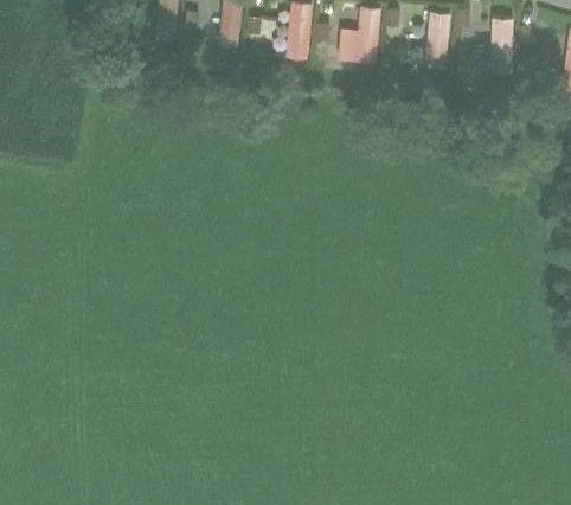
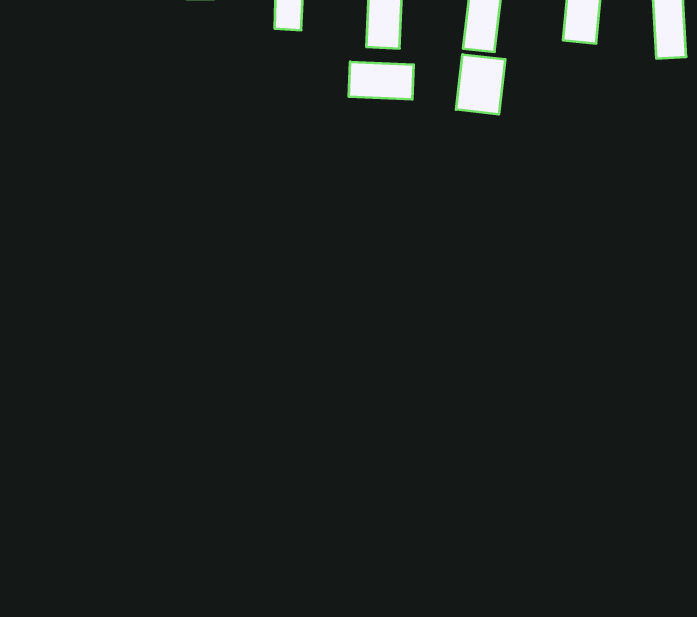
building: none -> [456,54,505,114]
building: none -> [349,62,414,99]

